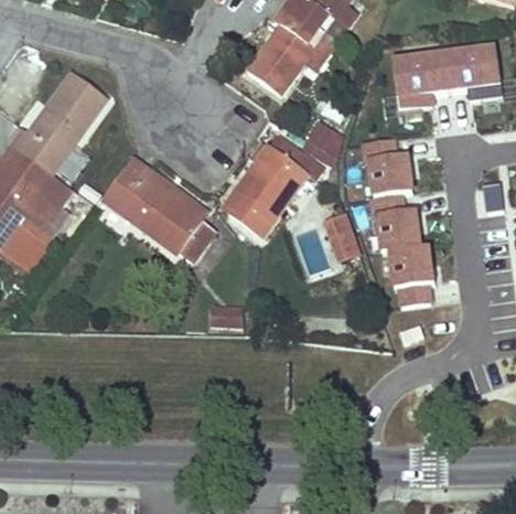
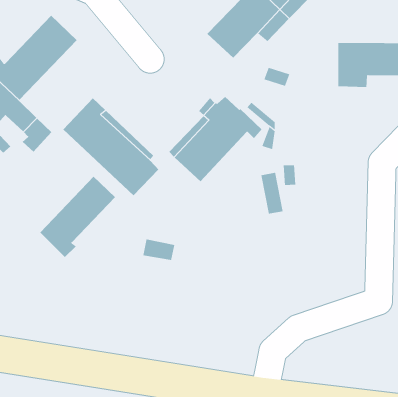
building: [365,138,436,304] -> none
building: none -> [39,176,116,258]

